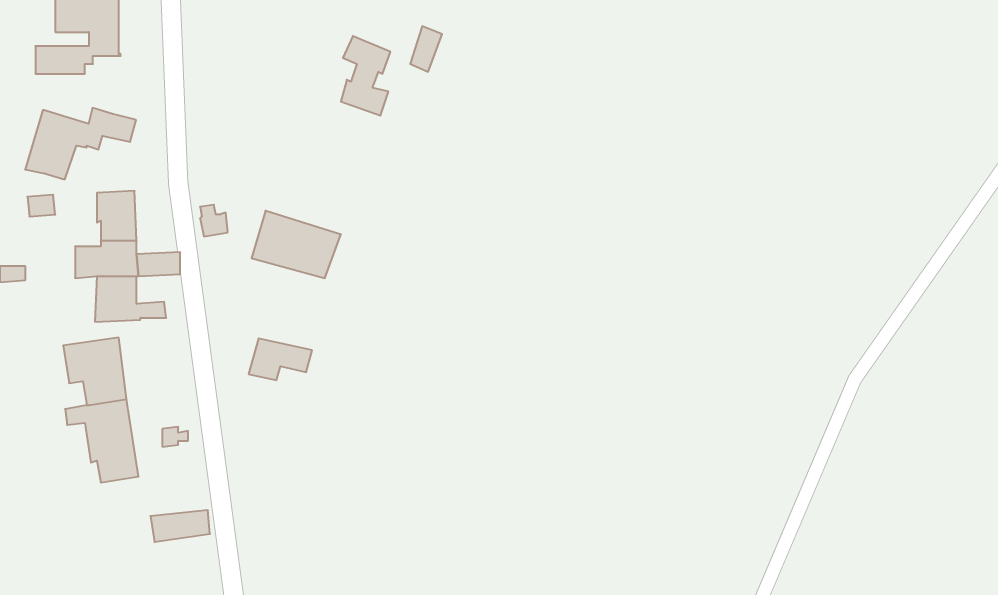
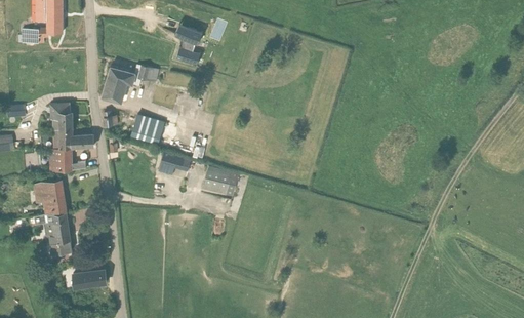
building: [25,108,136,179] -> [102,64,159,101]
building: none -> [202,165,239,196]
building: [249,338,312,380] -> [158,153,191,174]

